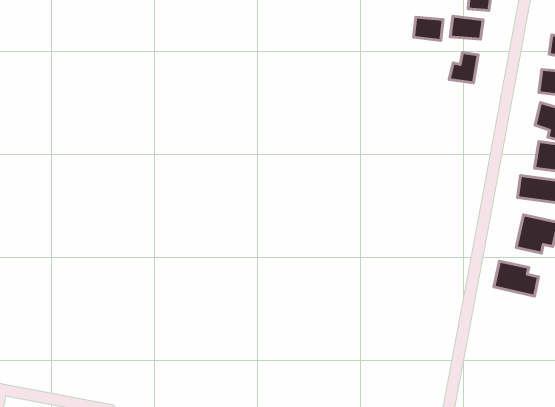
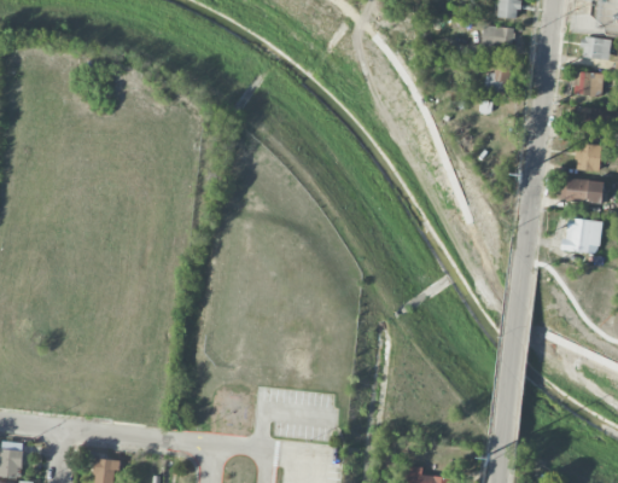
building: [414,17,443,41] -> none
building: [494,261,538,296] -> none

